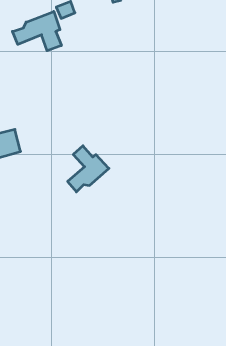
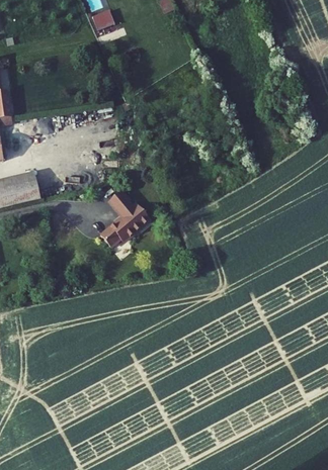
building: [12,11,61,51] -> none

